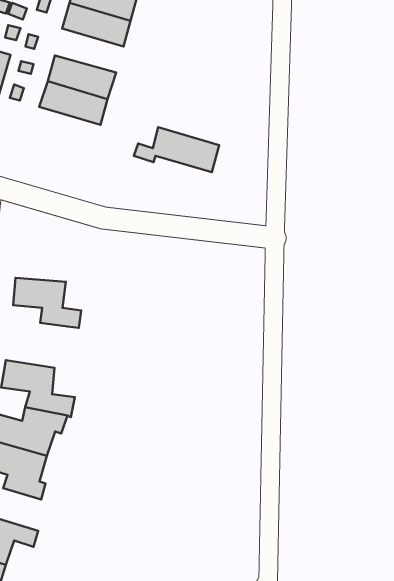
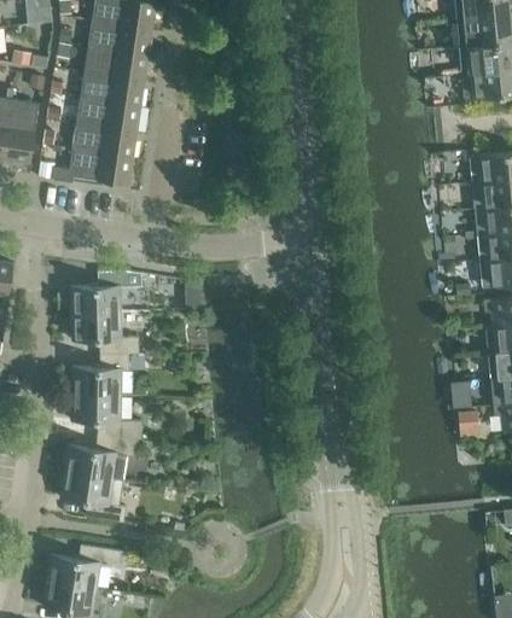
building: none -> [81,72,145,107]
building: [134,127,219,172] -> [53,150,133,186]
building: none -> [71,272,141,315]
building: none -> [72,355,127,396]

